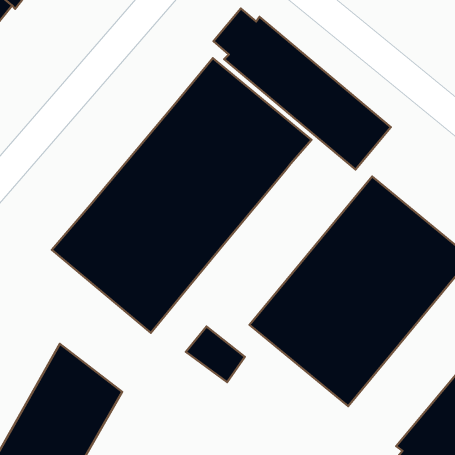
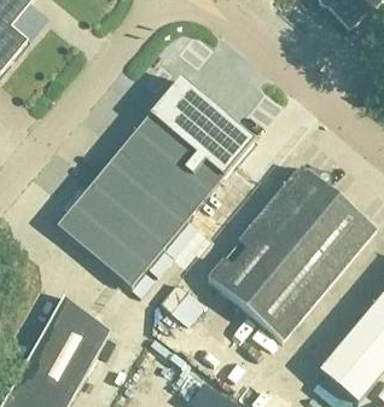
building: [213,8,391,170] -> none

